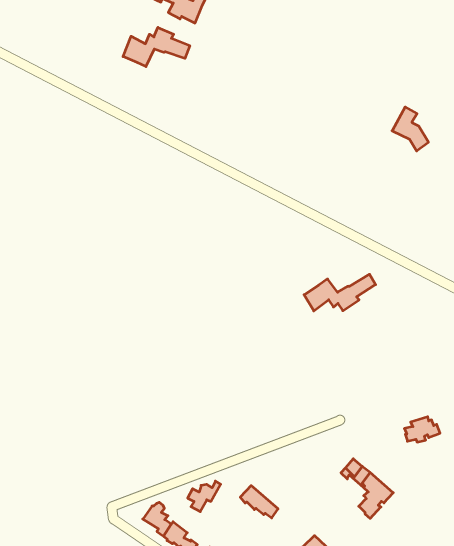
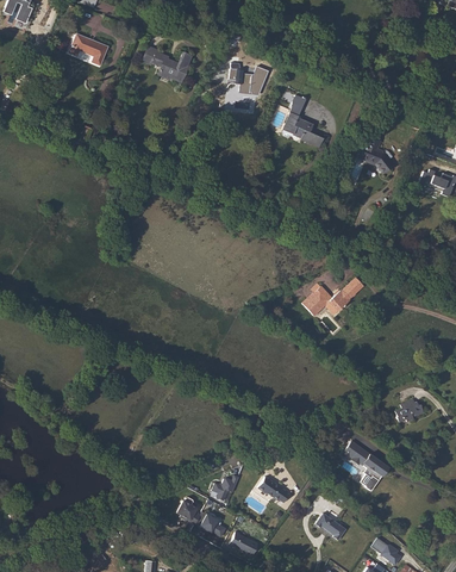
building: none -> [231,63,268,94]
building: [123,27,190,67] -> none
building: none -> [285,94,325,148]

